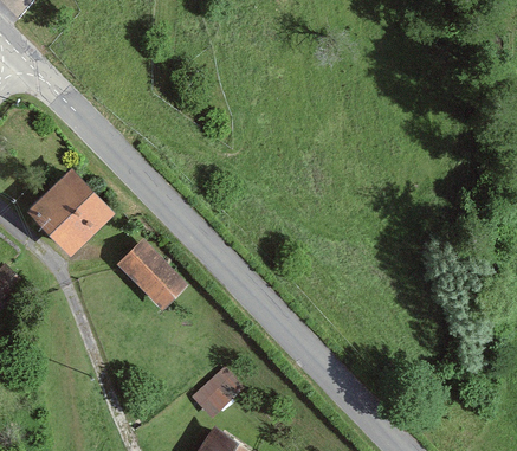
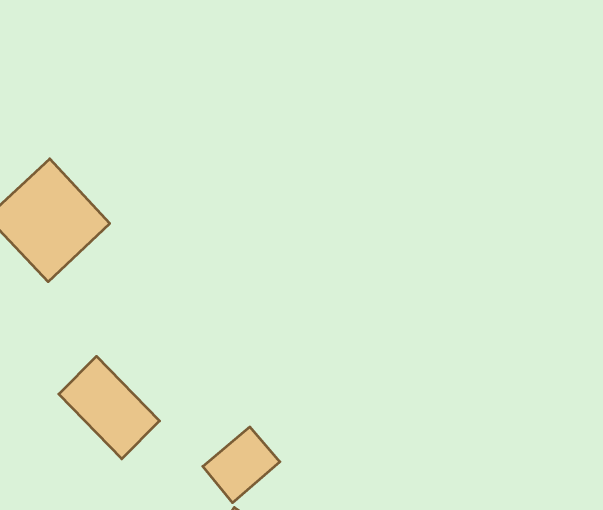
building: [115,239,190,316] -> [59,356,160,459]

